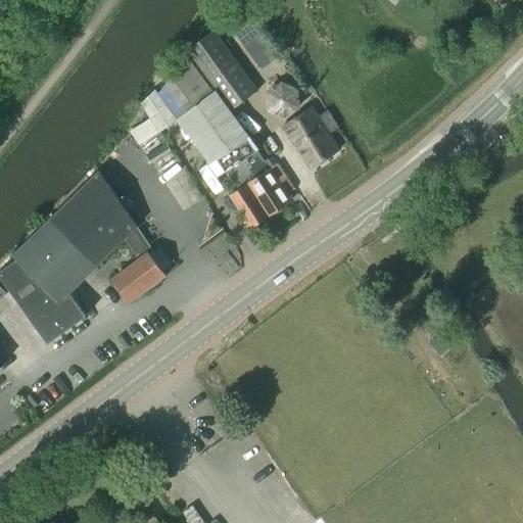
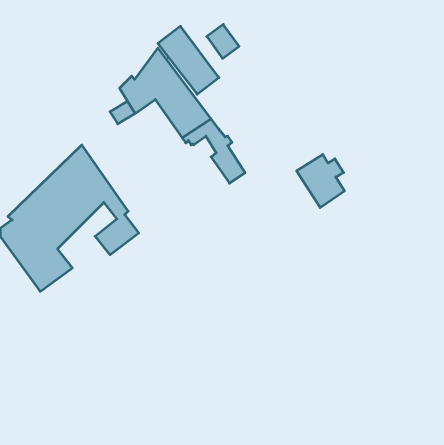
building: [268,82,302,120] -> none
building: [283,108,339,171] -> [297,154,344,208]
building: [226,160,271,229] -> none

